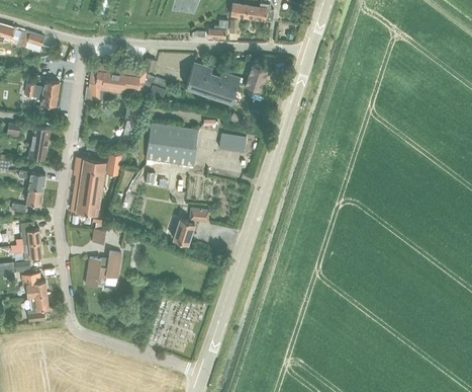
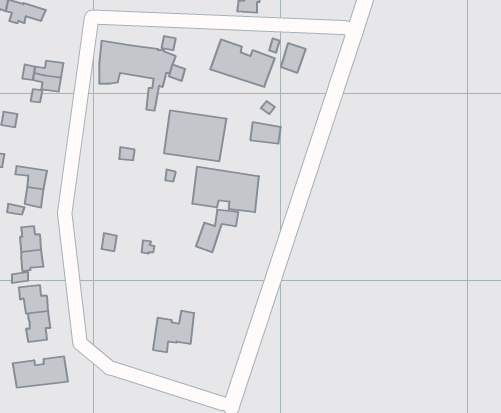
building: [28,126,53,160] -> none
building: [71,156,105,215] -> none
building: none -> [192,167,259,212]
building: [85,251,120,287] -> [153,311,194,352]
building: none -> [13,356,68,388]

